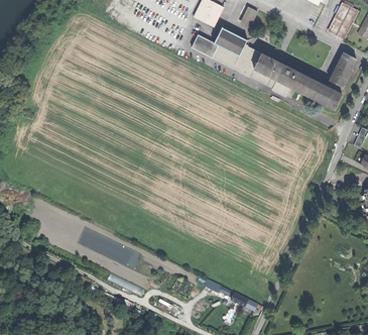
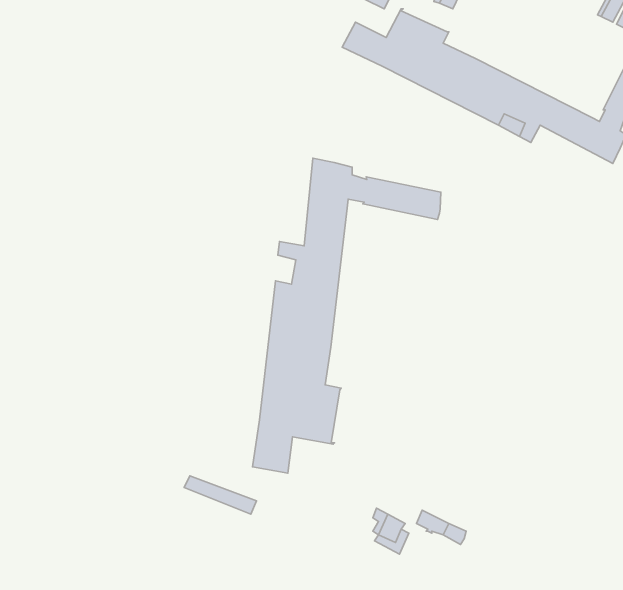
building: none -> [253,158,441,473]

